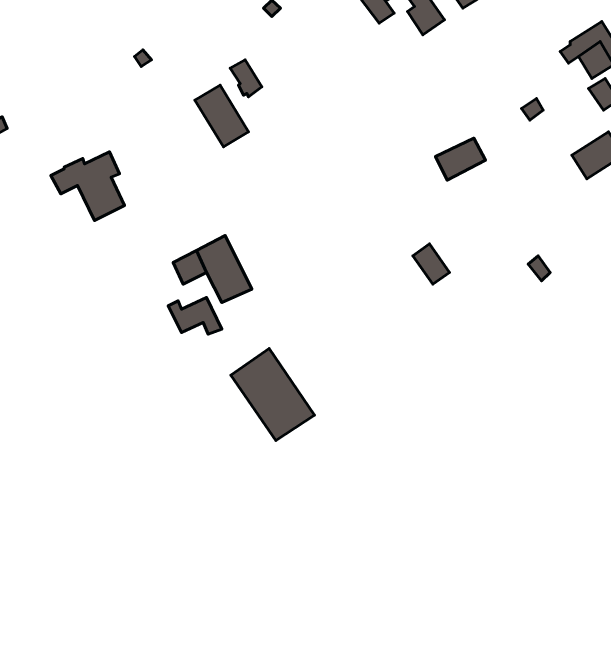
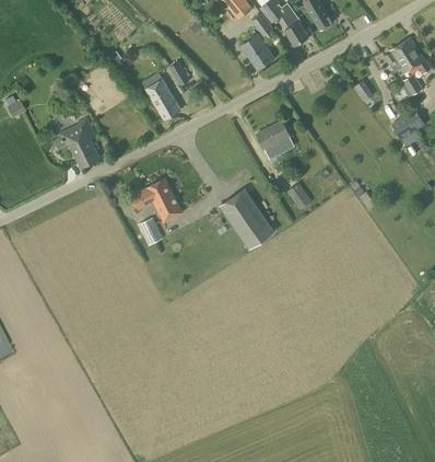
building: none -> [240,35,275,71]
building: [435,138,486,180] -> [257,122,290,149]
building: [231,348,315,440] -> [220,188,274,249]

